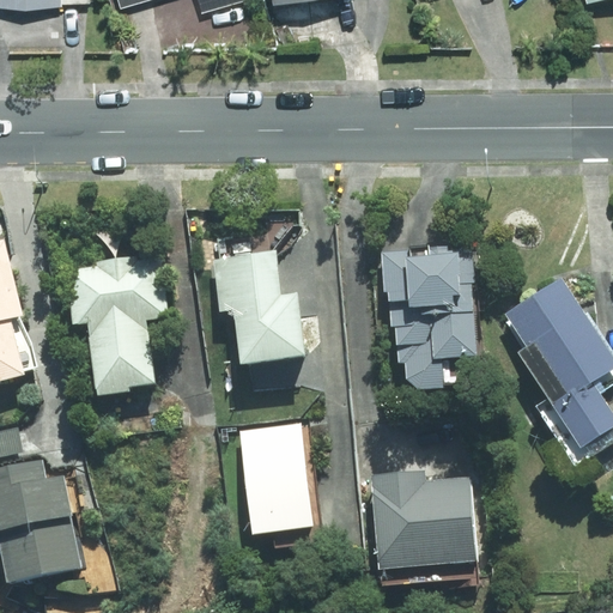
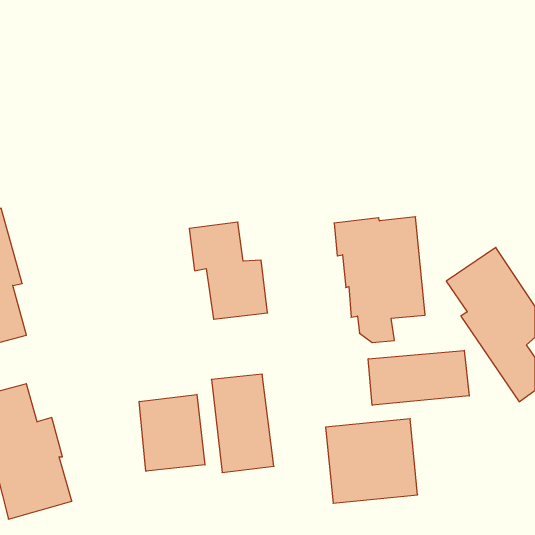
building: [66,254,164,389] -> none
building: none -> [368,350,469,405]
building: none -> [139,394,205,471]

